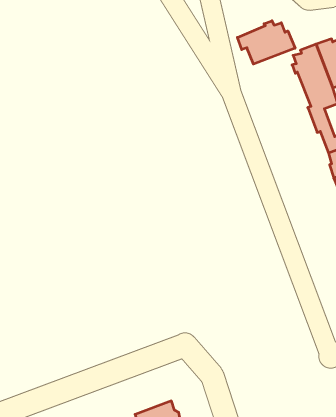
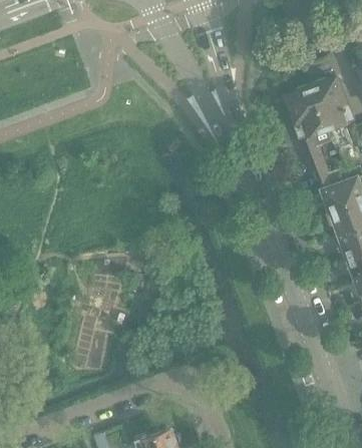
building: [237,21,295,64] -> none

